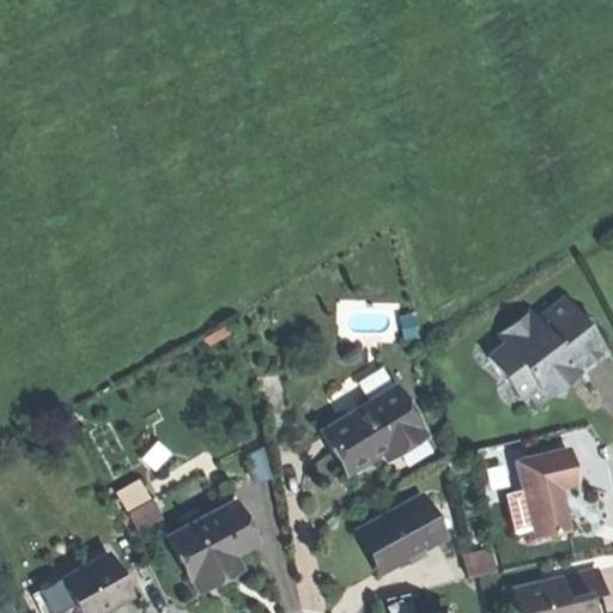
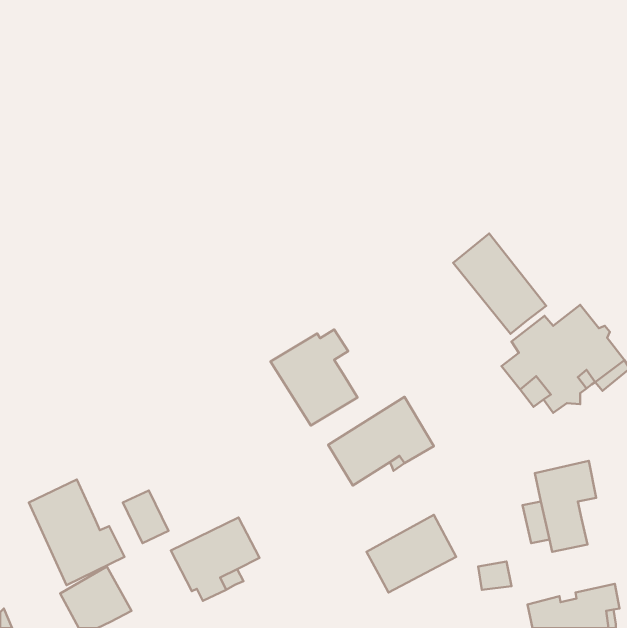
building: none -> [453,234,546,334]
building: none -> [270,330,357,425]
building: none -> [29,479,125,585]

